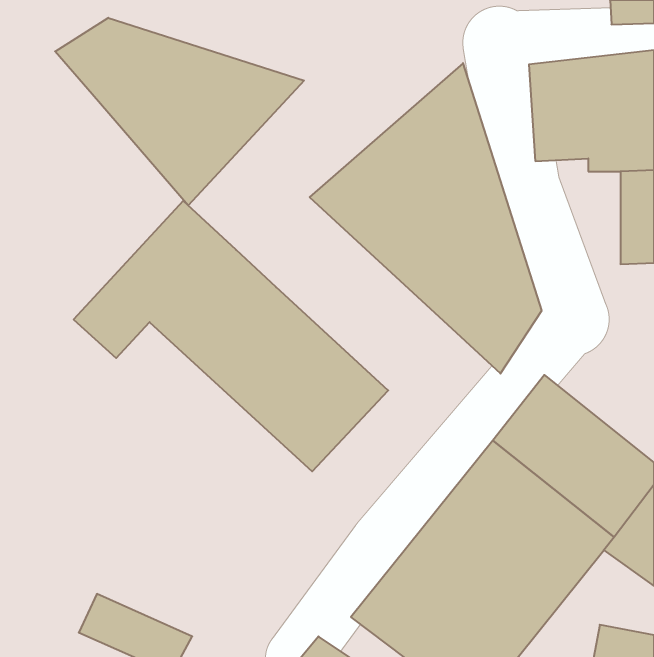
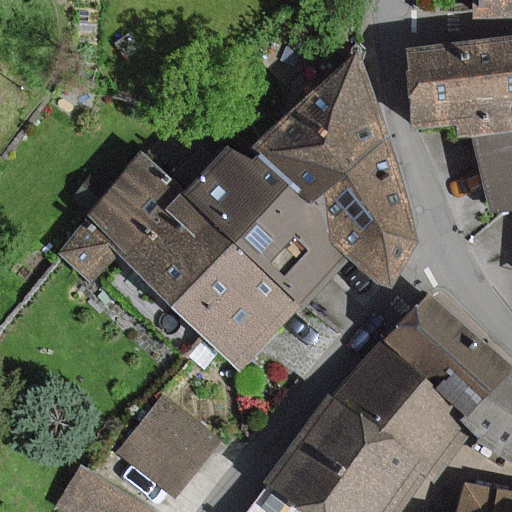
building: [55,18,304,206] -> none
building: none -> [183,145,347,304]
building: none -> [122,400,221,498]

